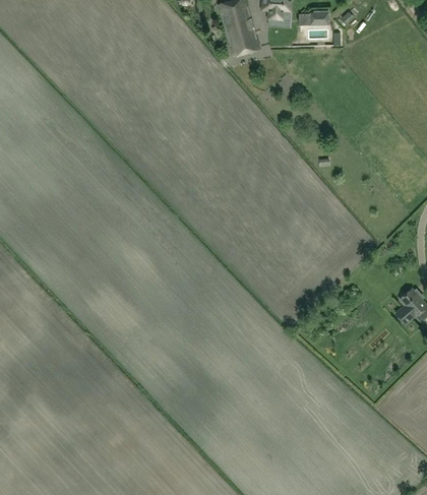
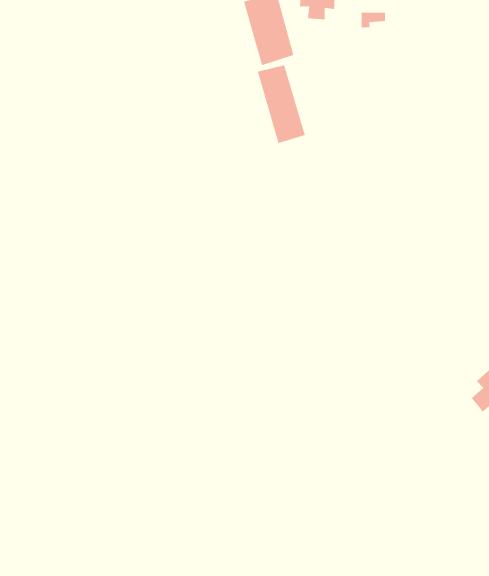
building: none -> [257,65,305,144]

